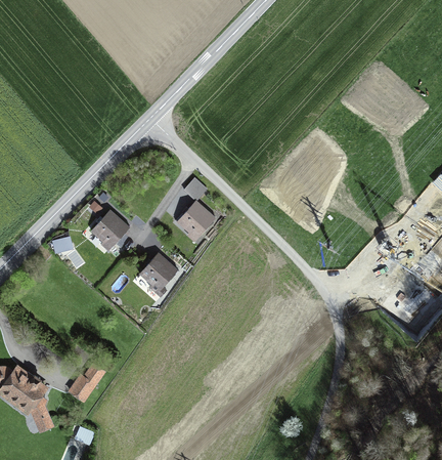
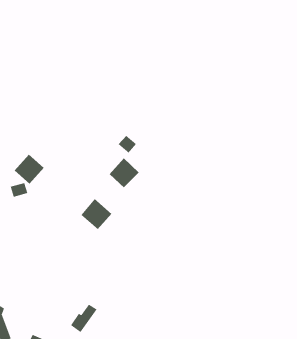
building: [90,210,128,248] -> [14,154,45,185]
building: [71,363,104,399] -> [70,304,98,333]

